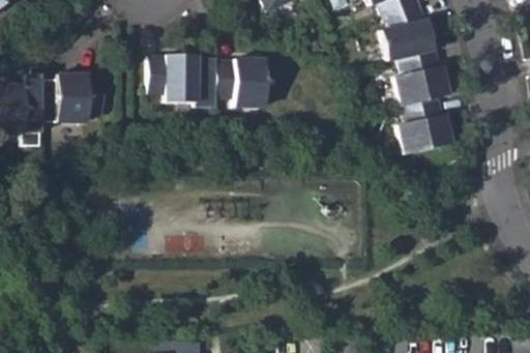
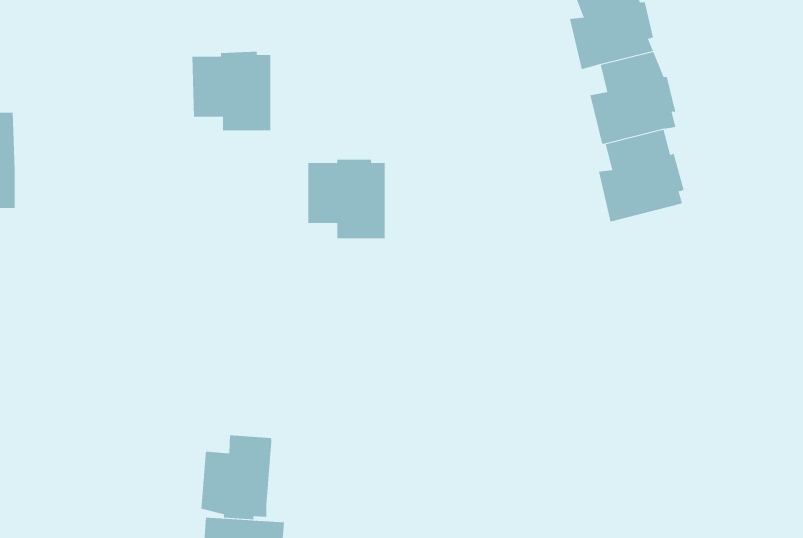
building: [216,57,264,106] -> [308,159,385,239]
building: [41,75,106,123] -> none
building: none -> [201,435,272,520]

